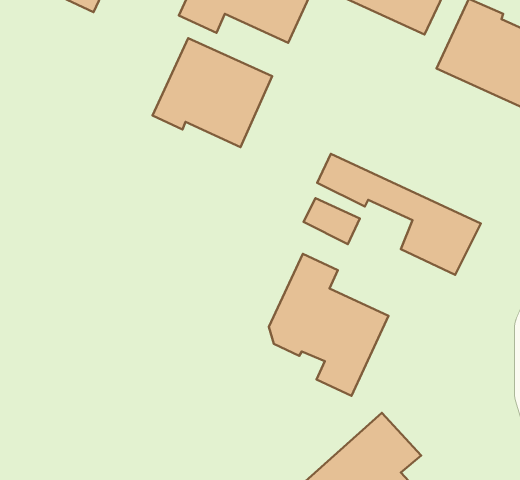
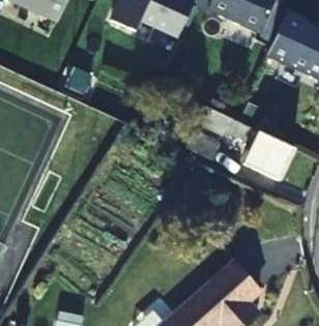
building: [153,38,272,147] -> none
building: [269,254,389,396] -> none

